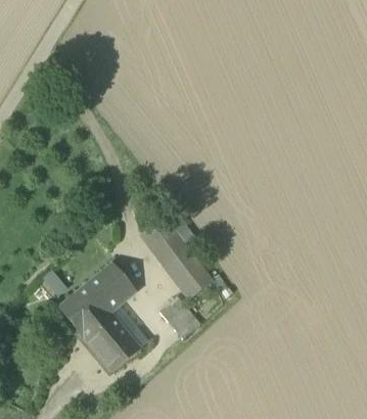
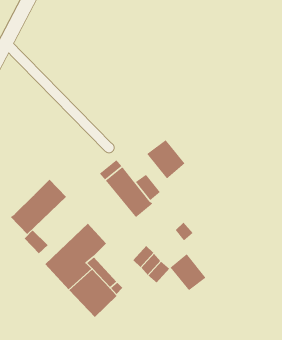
building: none -> [146,139,186,180]
building: none -> [10,179,67,235]
building: [166,251,205,293] -> [169,253,206,291]

